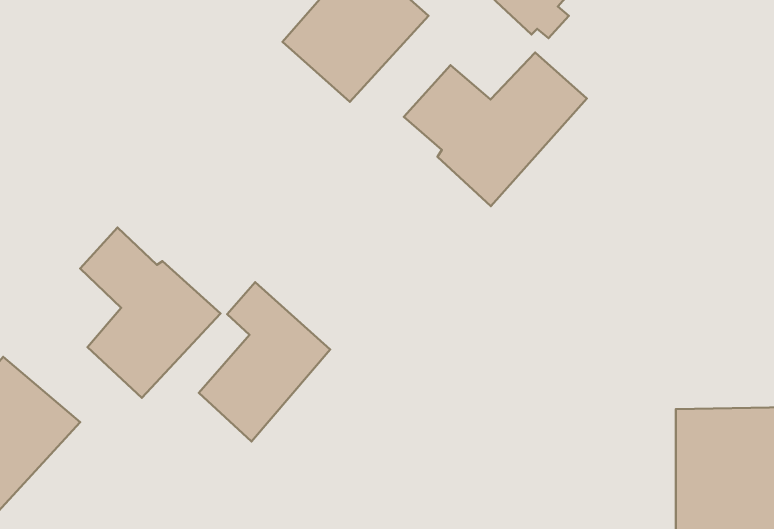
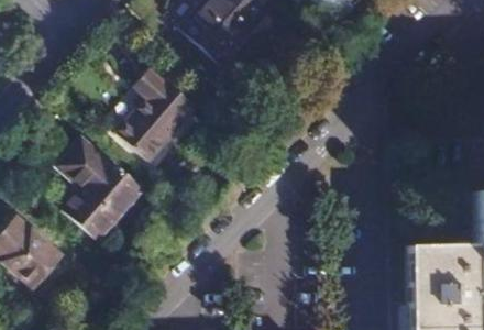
building: [404,53,587,206] -> none
building: [199,282,330,441] -> [122,67,199,161]

